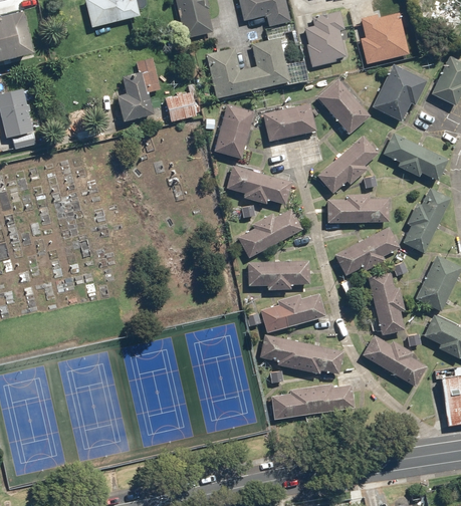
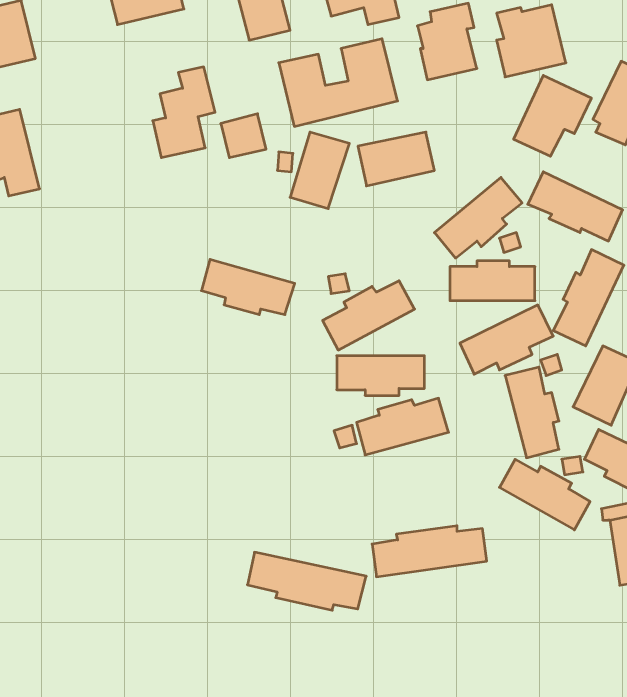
building: [314,79,369,135] -> none
building: [226,165,292,204] -> [201,259,295,315]
building: [259,333,343,374] -> [247,552,366,610]

